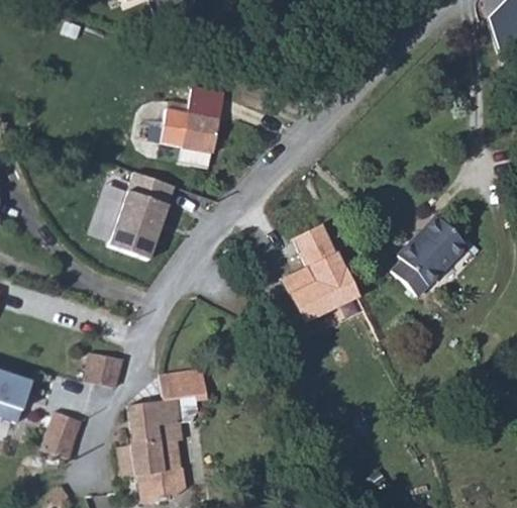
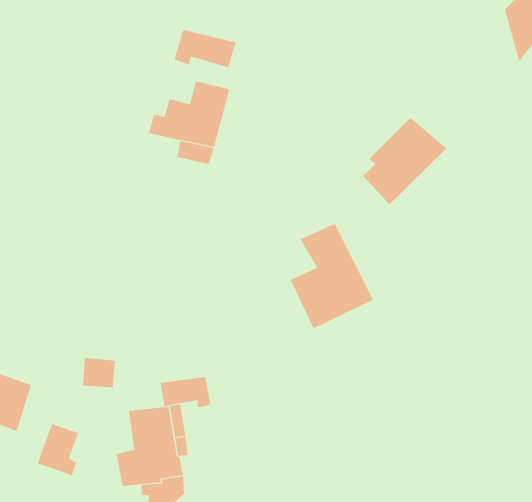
building: none -> [174,29,236,68]
building: [108,171,175,263] -> none
building: [391,212,473,297] -> [362,117,447,205]

